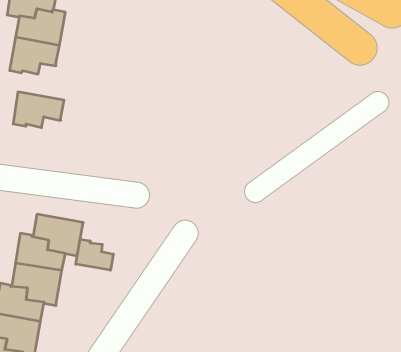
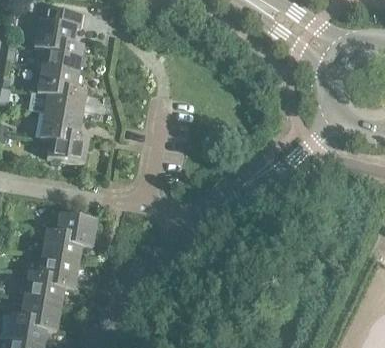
building: none -> [34,86,85,117]
building: none -> [46,131,88,163]
building: [76,239,113,270] -> none

